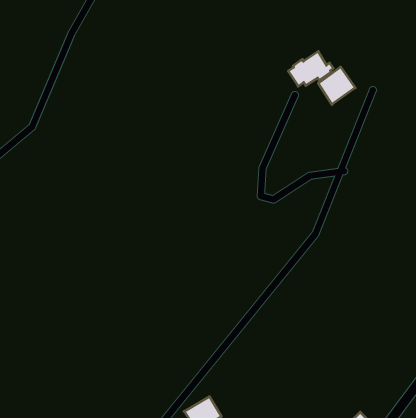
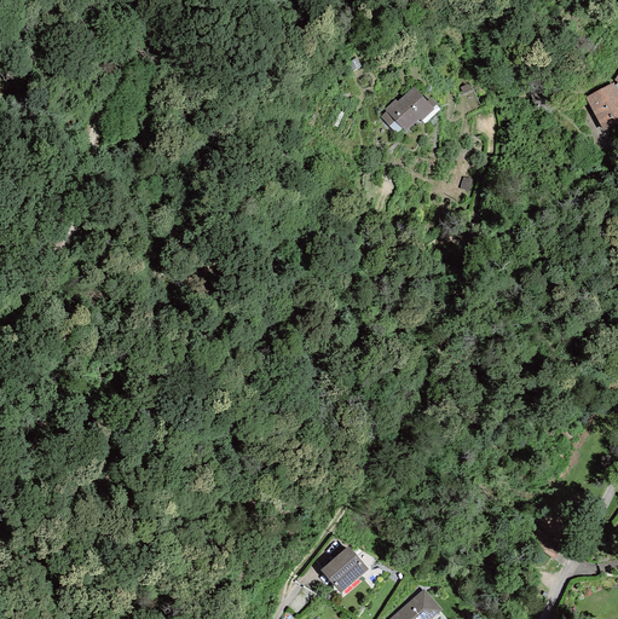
building: [318,67,355,105] -> none

